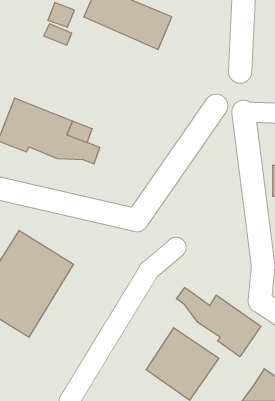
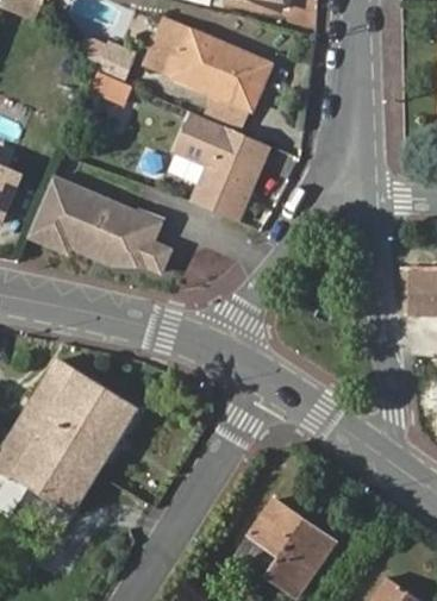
building: none -> [176,112,271,220]
building: [176,288,261,357] -> none

